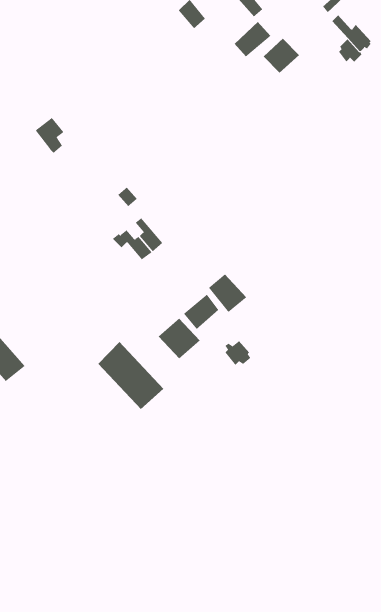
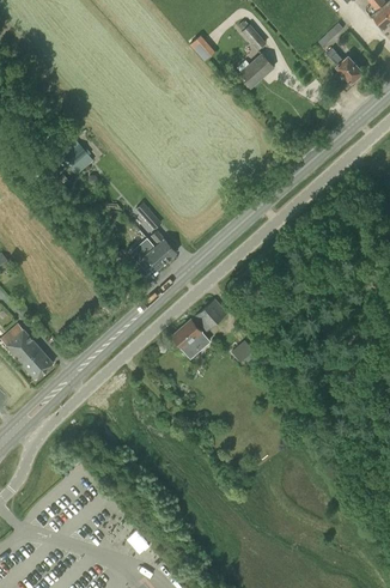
building: [263,38,300,74] -> none
building: [208,273,247,313] -> none
building: [97,341,164,410] -> none

